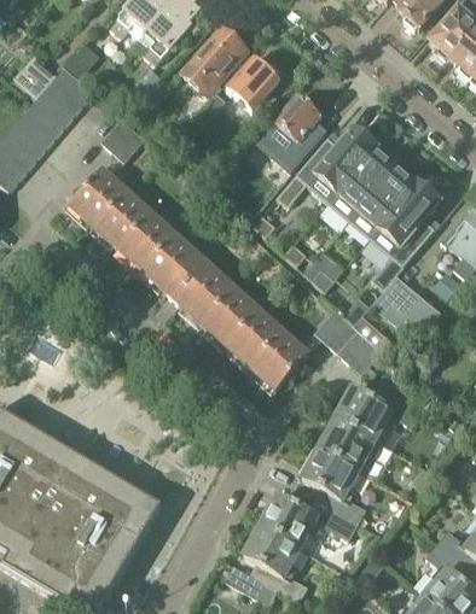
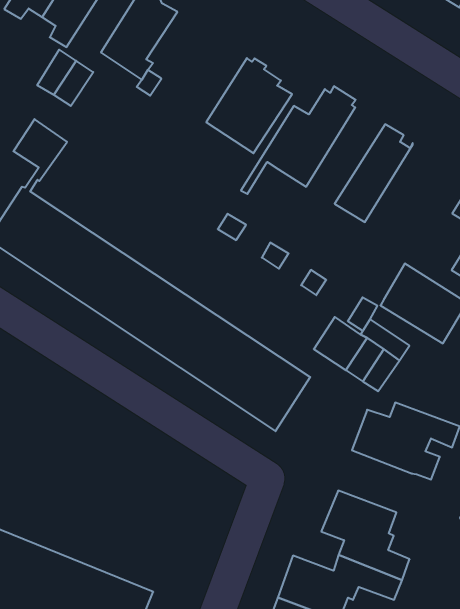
building: [228,57,281,110] -> none
building: [329,146,399,220] -> none
building: [371,180,441,288] -> none
building: [318,416,382,470] -> none

